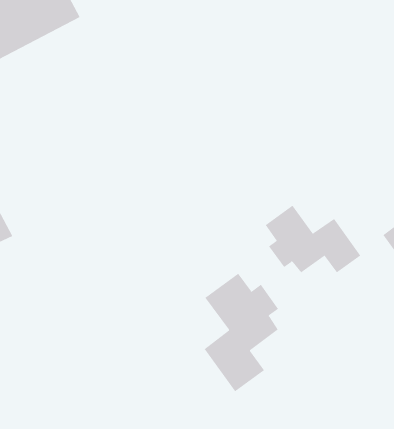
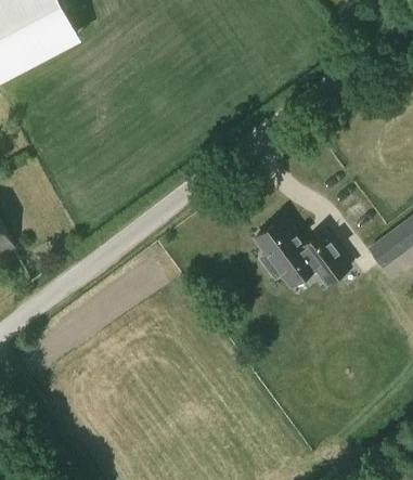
building: [204,273,279,392] -> none

